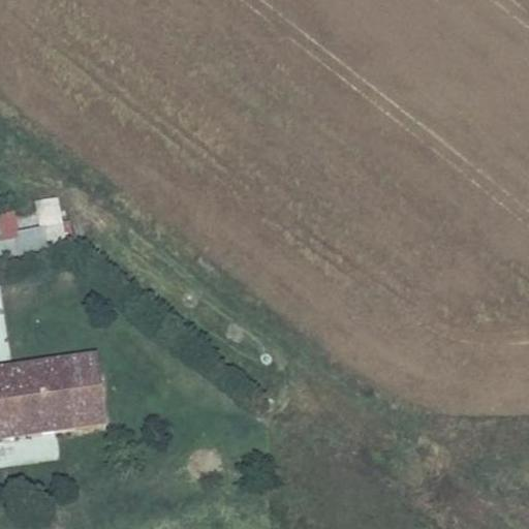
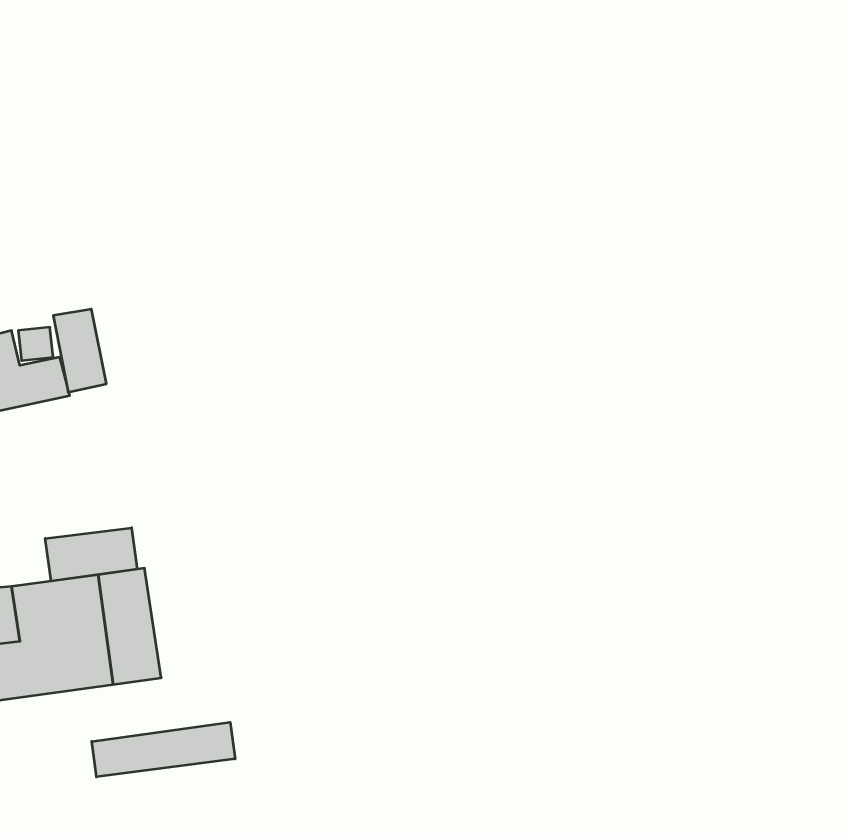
building: none -> [45,528,137,581]
building: none -> [92,722,235,777]

